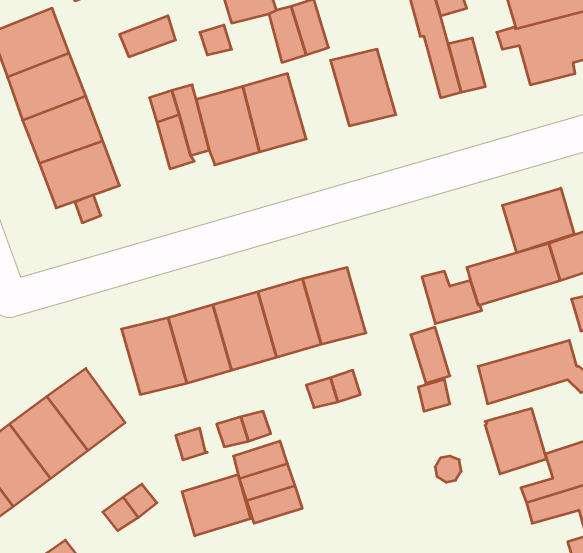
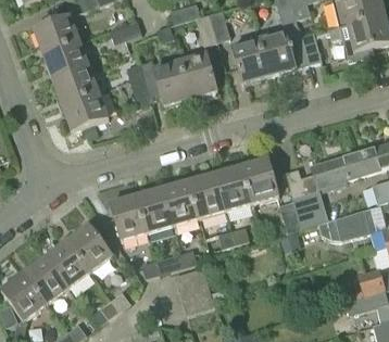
building: none -> [260,31,297,77]
building: [502,188,574,253] -> none
building: none -> [242,159,279,204]
building: [485,409,547,474] -> [293,191,329,229]
building: [182,474,251,536] -> none

